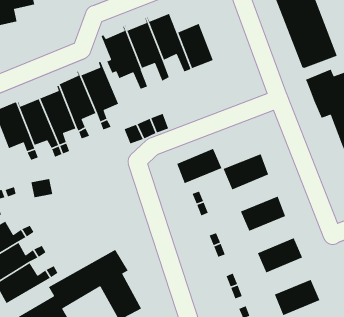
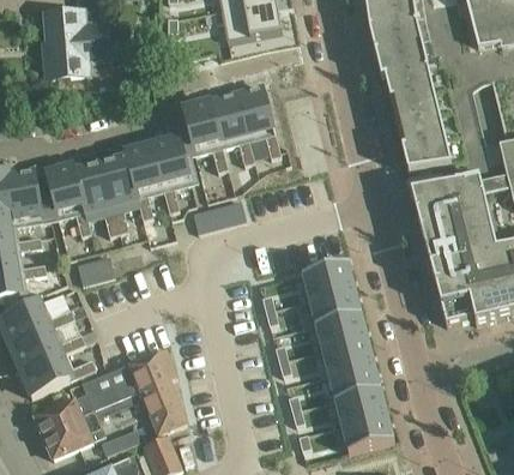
building: [177,23,214,69] -> none
building: [176,148,223,184] -> [308,287,361,324]
building: none -> [321,337,373,374]
building: none -> [334,387,386,425]

